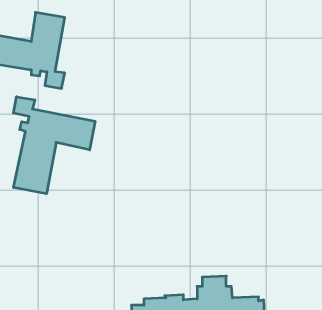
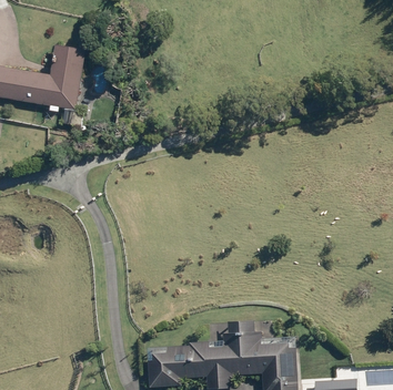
building: [14,97,95,194] -> none

